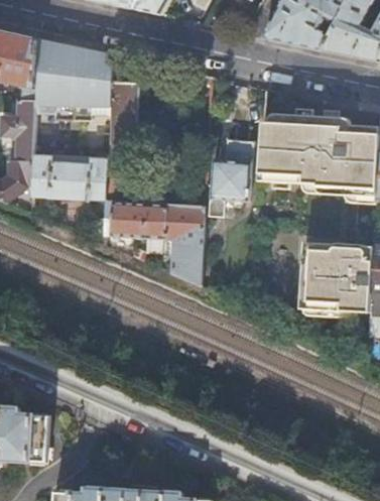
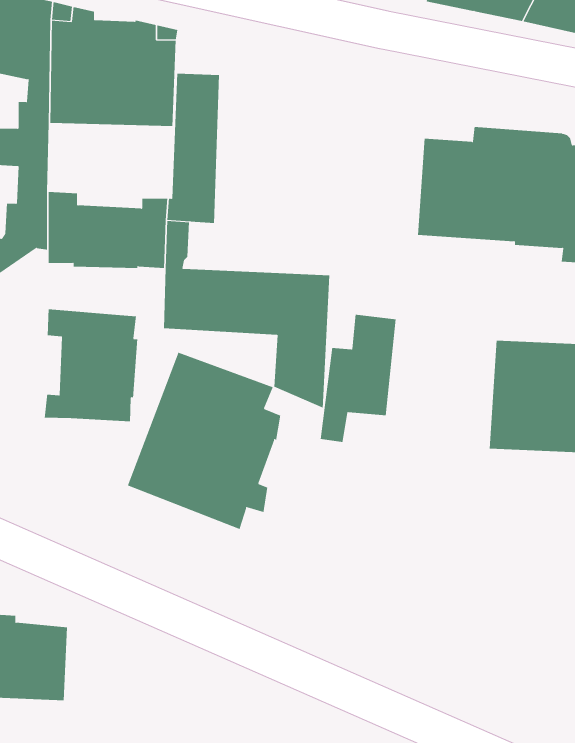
building: [208,139,254,217] -> [320,314,397,443]
building: none -> [44,308,138,422]
building: none -> [127,352,281,530]

